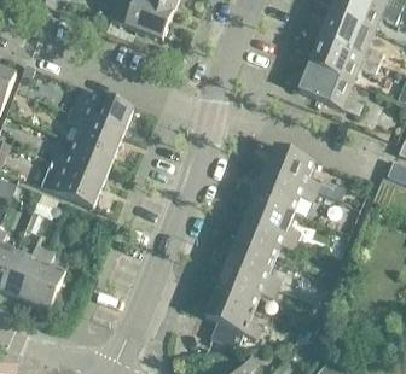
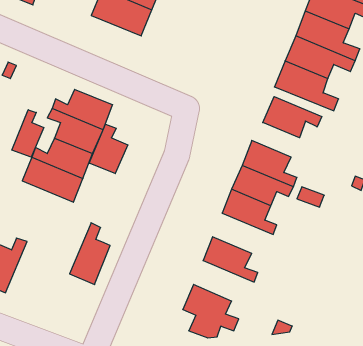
building: none -> [263,97,322,138]
building: none -> [12,110,44,157]
building: none -> [89,124,128,174]
building: [234,217,296,258] -> none
building: [24,246,65,309] -> [70,223,110,285]
building: [215,265,277,306] -> none

